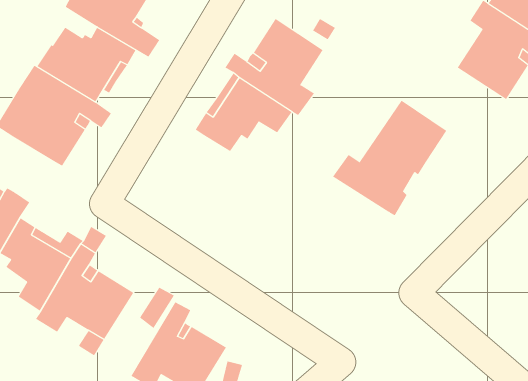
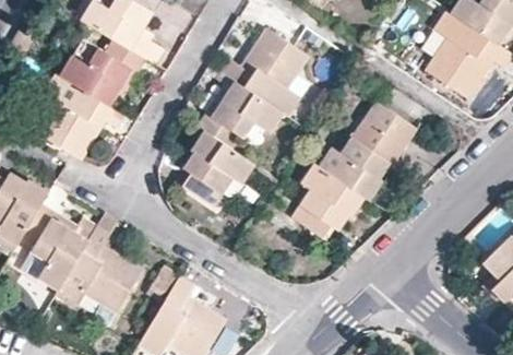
building: none -> [180,132,251,208]
building: none -> [291,166,367,241]

